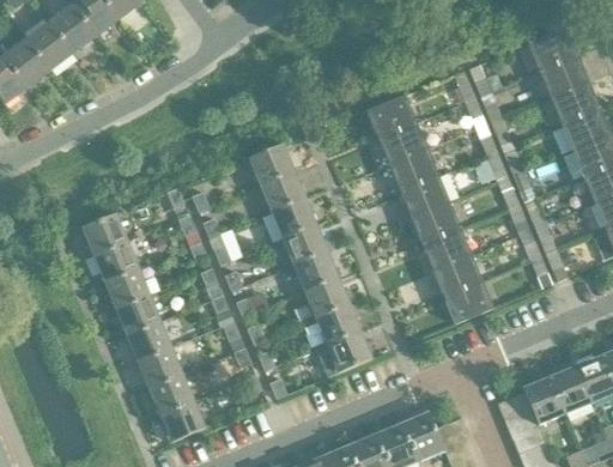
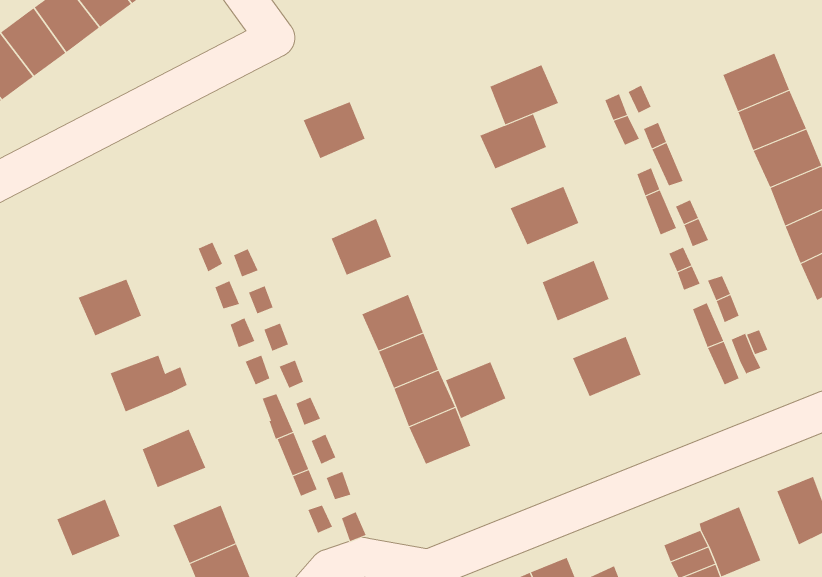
building: [528,28,576,68] -> none
building: [377,120,426,163] -> [490,65,559,125]
building: [249,144,293,184] -> [303,102,365,159]
building: [400,174,448,216] -> none
building: [272,198,316,238] -> none
building: [421,228,471,269] -> none
building: [93,239,139,280] -> none
building: [444,281,492,323] -> none
building: [115,293,160,334] -> none
building: [328,332,371,372] -> [445,362,506,419]
building: [138,347,183,388] -> [57,499,121,556]
building: [551,364,593,413] -> none

